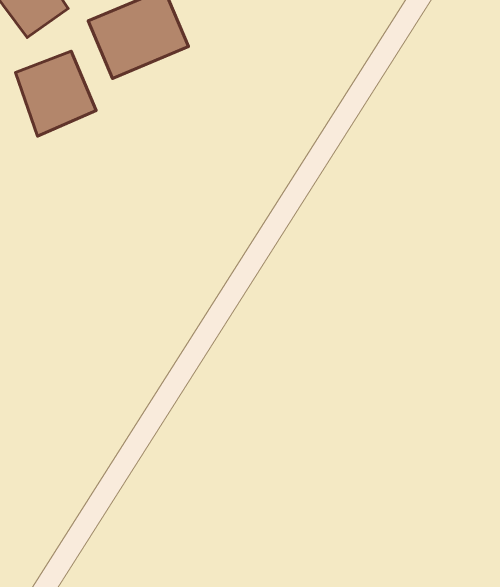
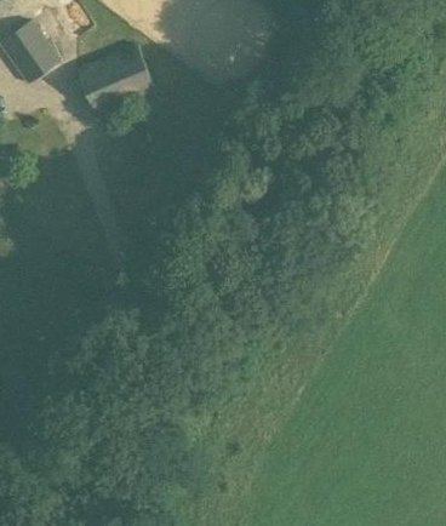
building: [16,51,96,136] -> none

